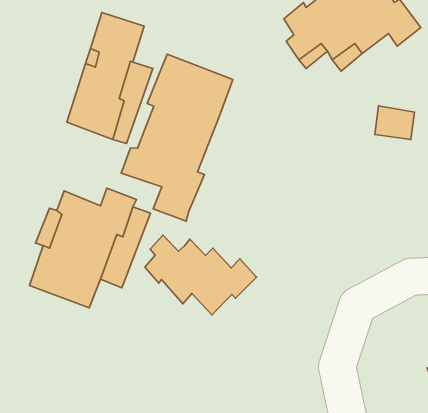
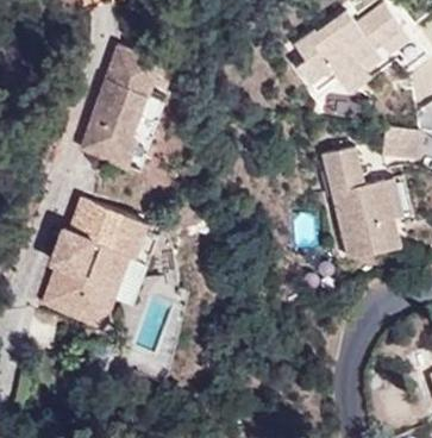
building: [121,54,233,221] -> none
building: none -> [319,148,406,258]
building: [145,235,256,315] -> none

